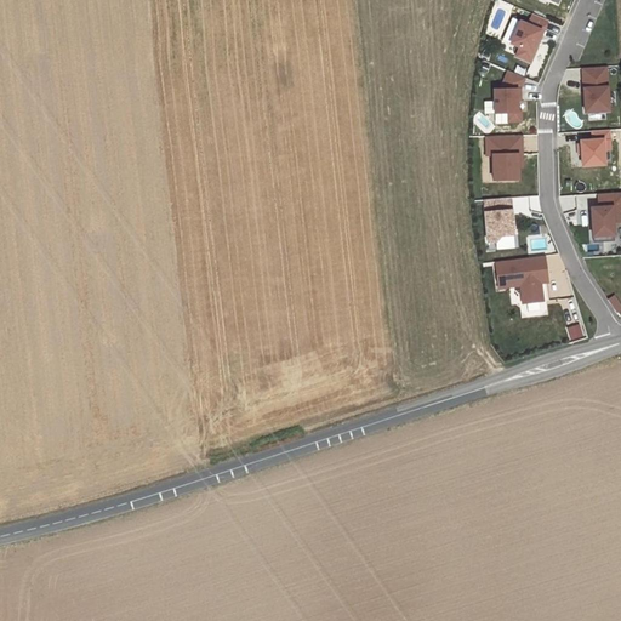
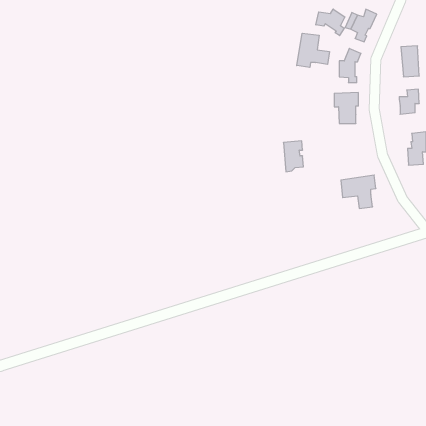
building: none -> [316,9,345,36]
building: none -> [297,33,329,67]
building: [484,198,513,243] -> [283,141,303,172]

